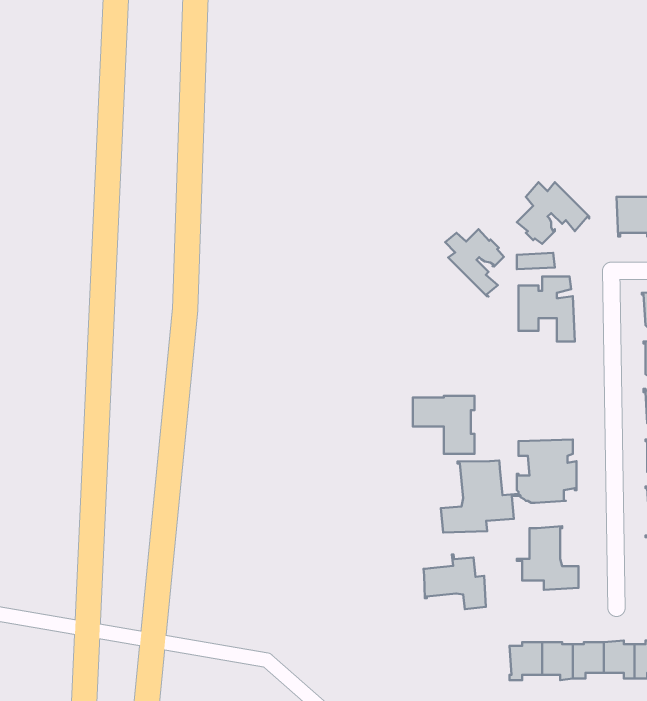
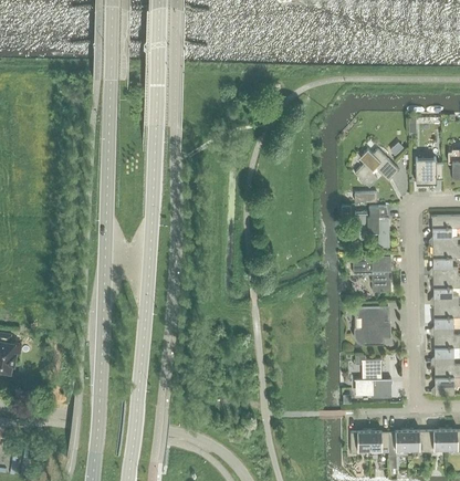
building: [445,229,504,297] -> none
building: [413,396,475,454] -> [354,257,391,292]
building: [441,460,519,533] -> none
building: [424,554,486,609] -> none

